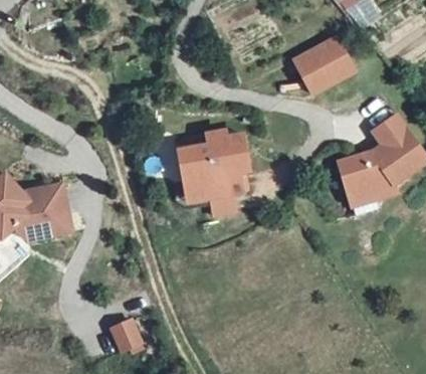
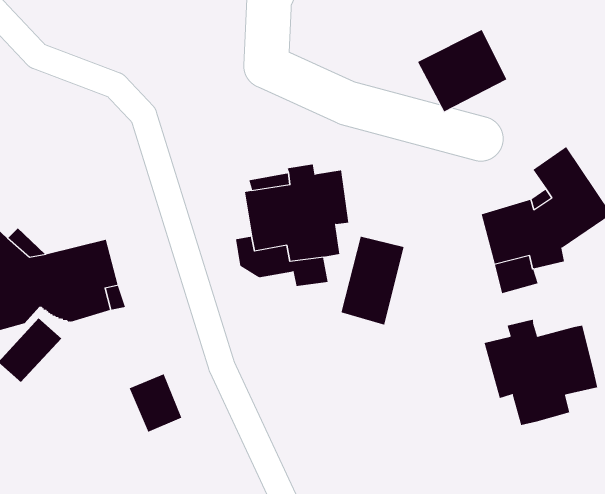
building: none -> [341,236,404,325]
building: none -> [484,319,598,426]
building: [111,311,147,351] -> [129,373,182,433]

